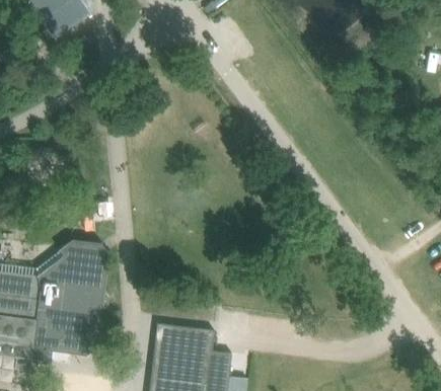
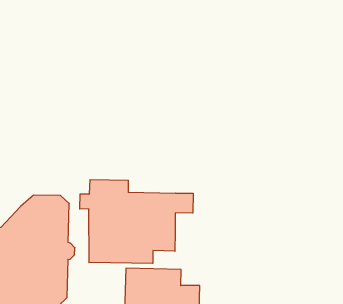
building: none -> [80,180,193,263]

